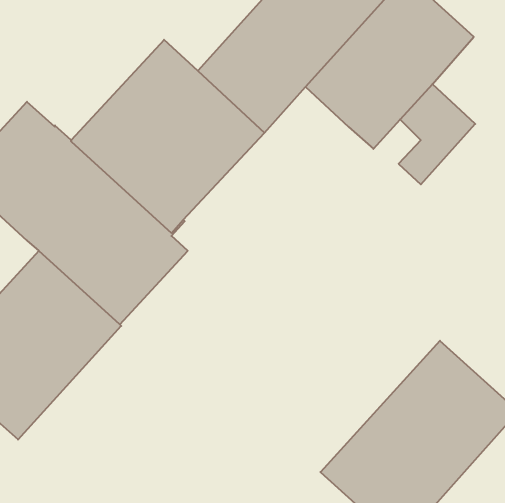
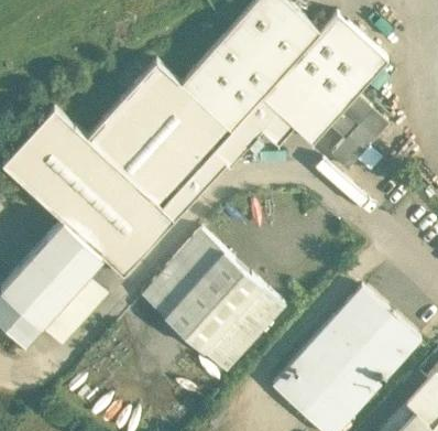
building: none -> [161,97,293,219]
building: none -> [141,229,285,371]

